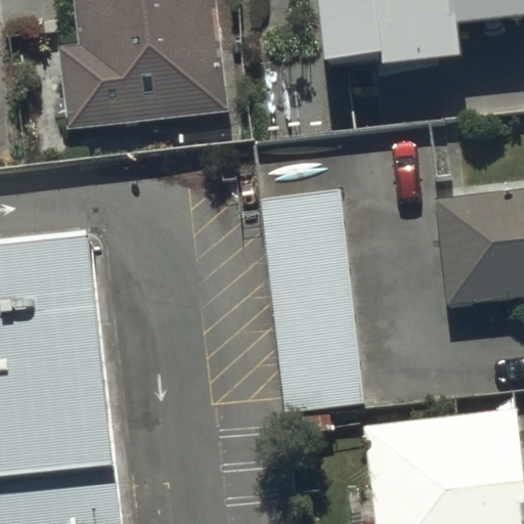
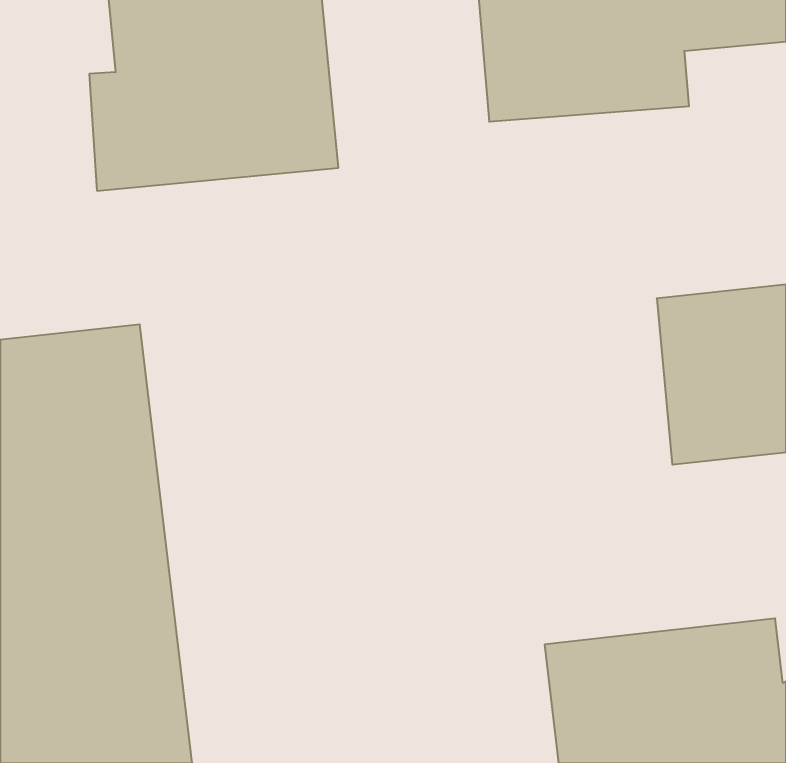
building: [262,179,361,420] -> none

